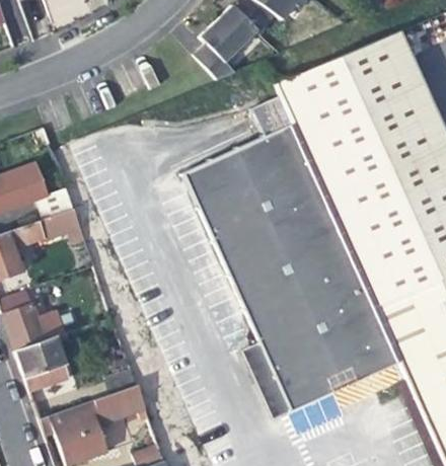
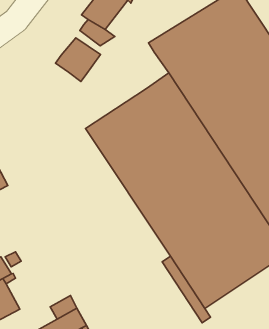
building: none -> [55,38,101,82]
building: [252,96,294,138] -> none

